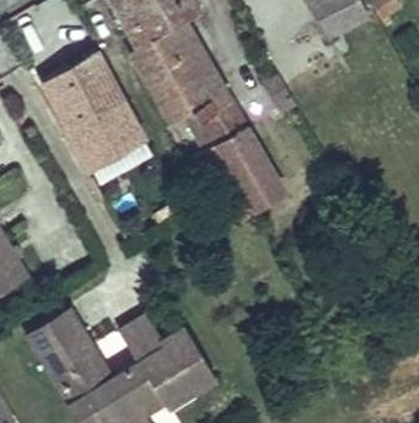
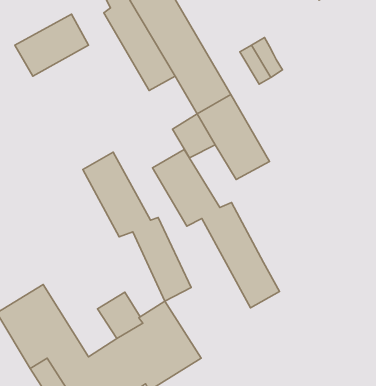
building: [61,82,144,168] -> none
building: none -> [153,149,280,308]
building: none -> [83,152,191,301]

